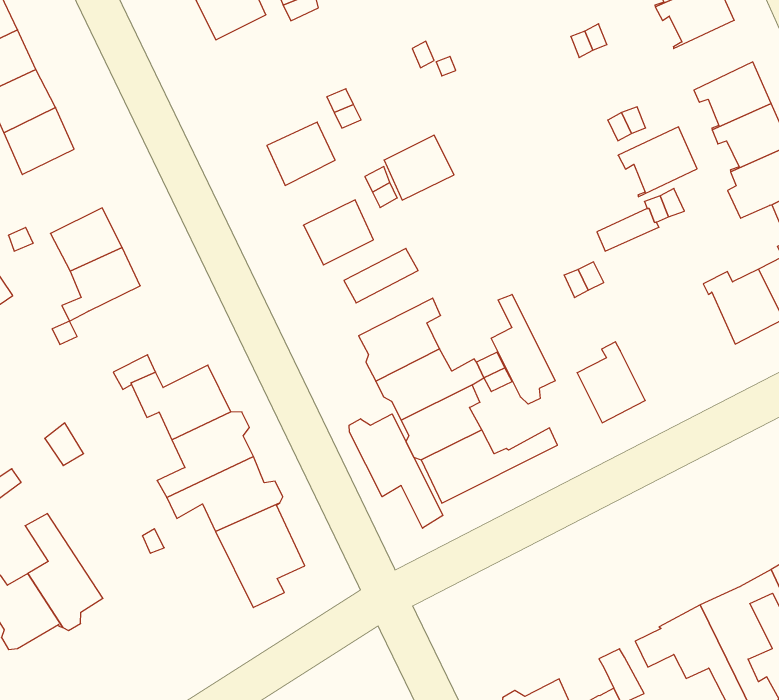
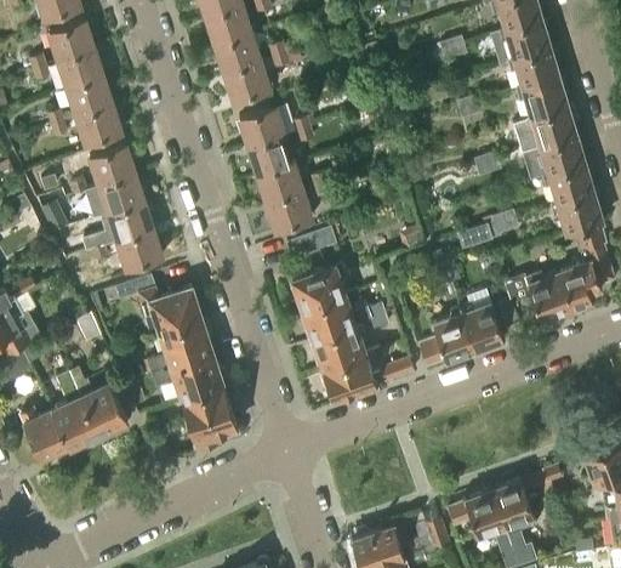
building: none -> [224,61,269,101]
building: none -> [239,107,284,147]
building: [618,127,697,197] -> [525,106,576,148]
building: [384,135,454,200] -> [257,163,302,203]
building: none -> [90,146,135,186]
building: none -> [116,228,163,268]
building: [491,294,555,404] -> none
building: none -> [463,303,503,348]
building: [349,414,443,528] -> none
building: none -> [72,367,129,431]

